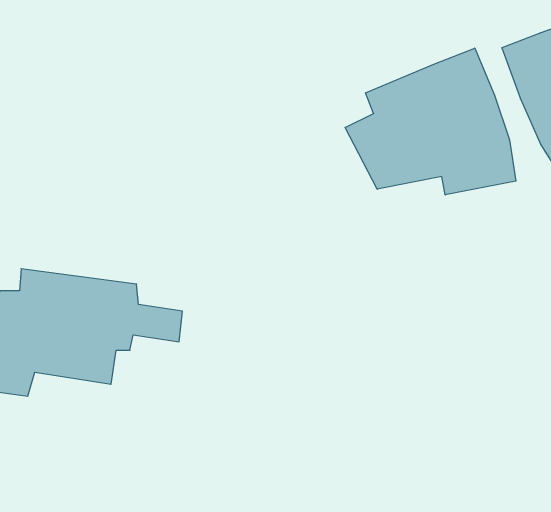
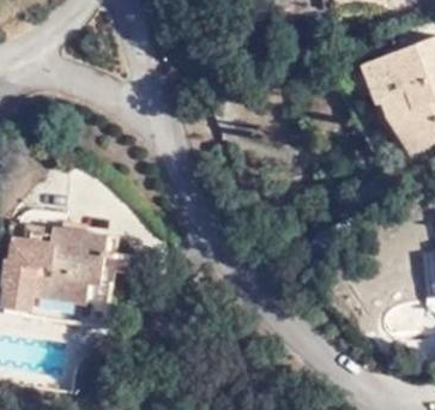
building: [345,48,516,195] -> none

